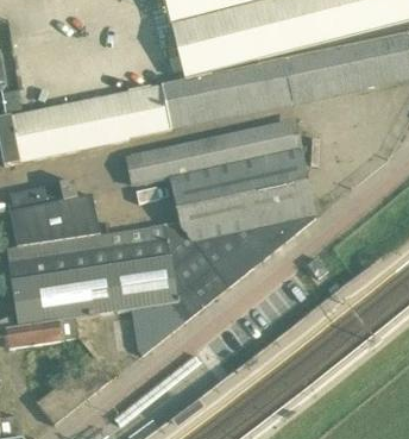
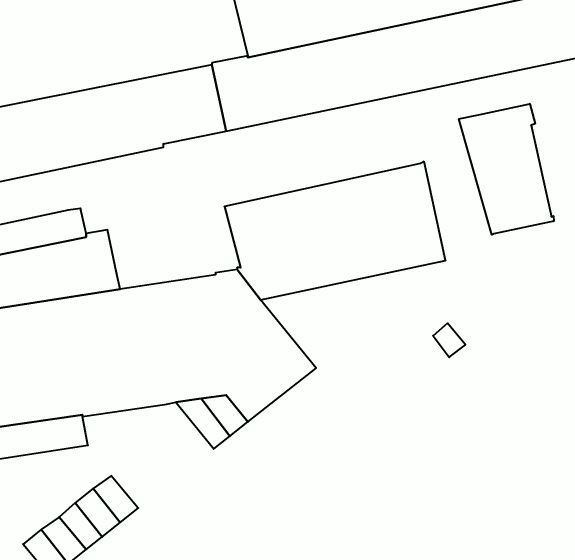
building: none -> [459,104,554,235]
building: [125,119,297,187] -> none
building: [191,214,314,286] -> none
building: [130,308,161,356] -> none

